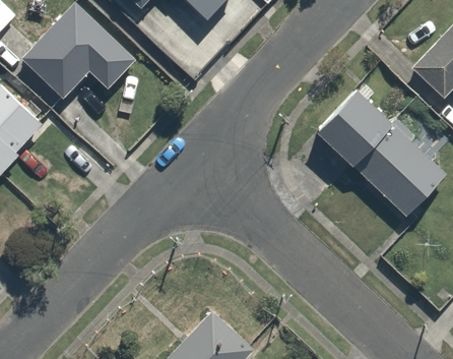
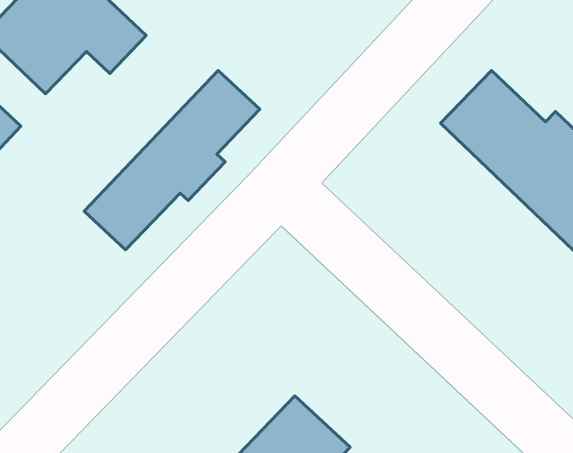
building: none -> [84,70,260,250]

